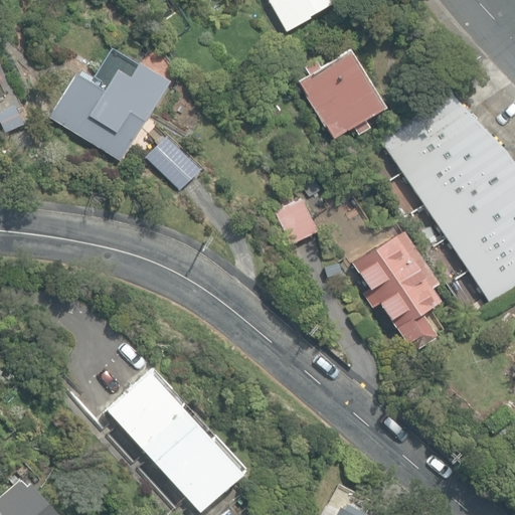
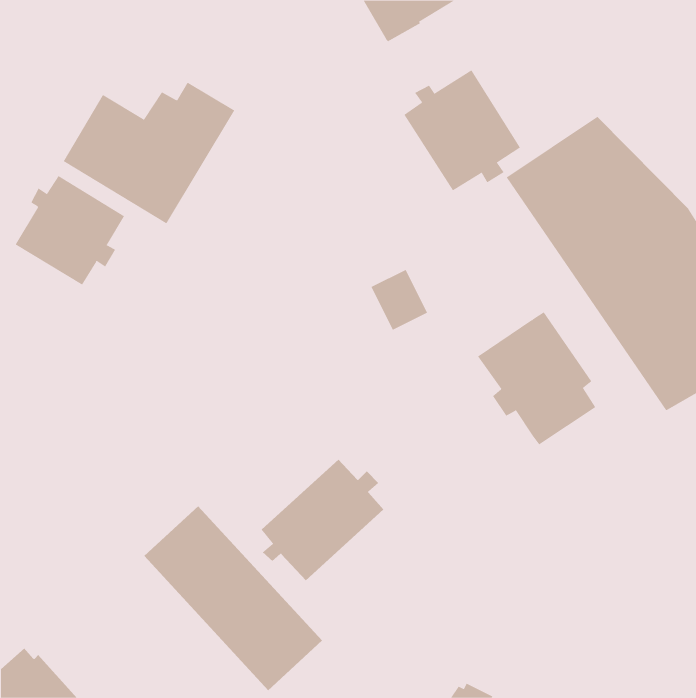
building: none -> [15,175,125,286]
building: [147,136,202,191] -> none
building: none -> [261,459,384,581]

